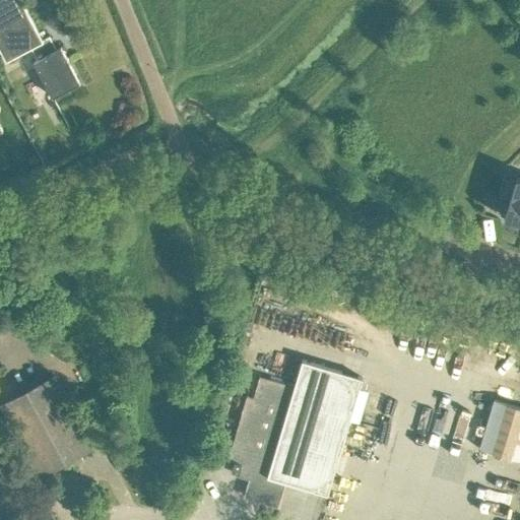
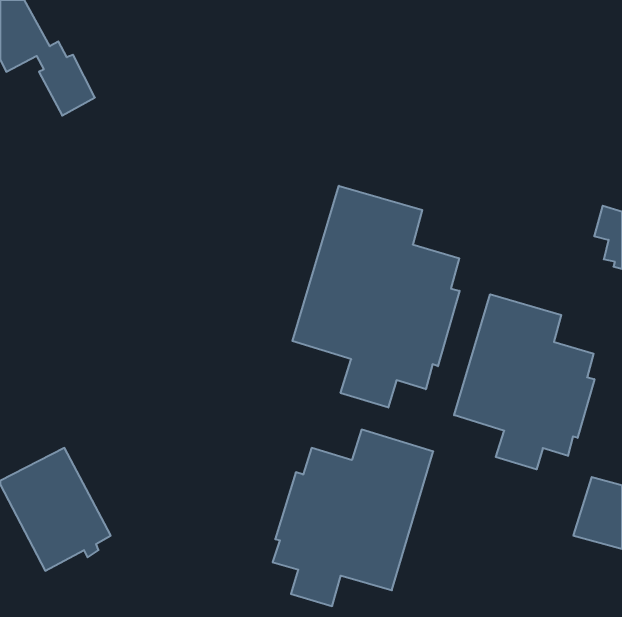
building: none -> [292,186,460,408]
building: none -> [454,294,594,469]

